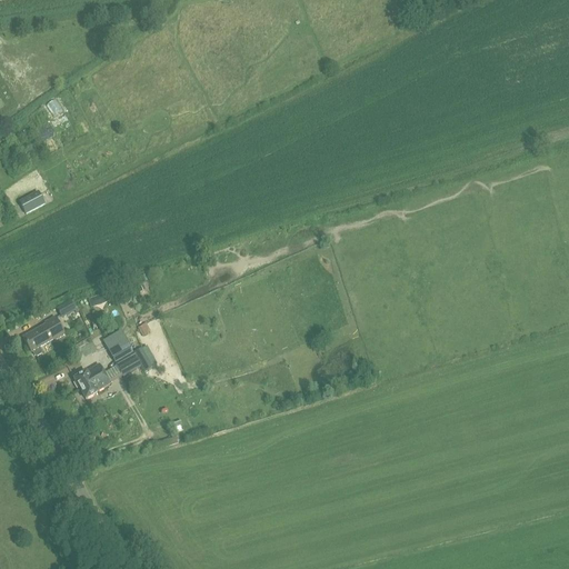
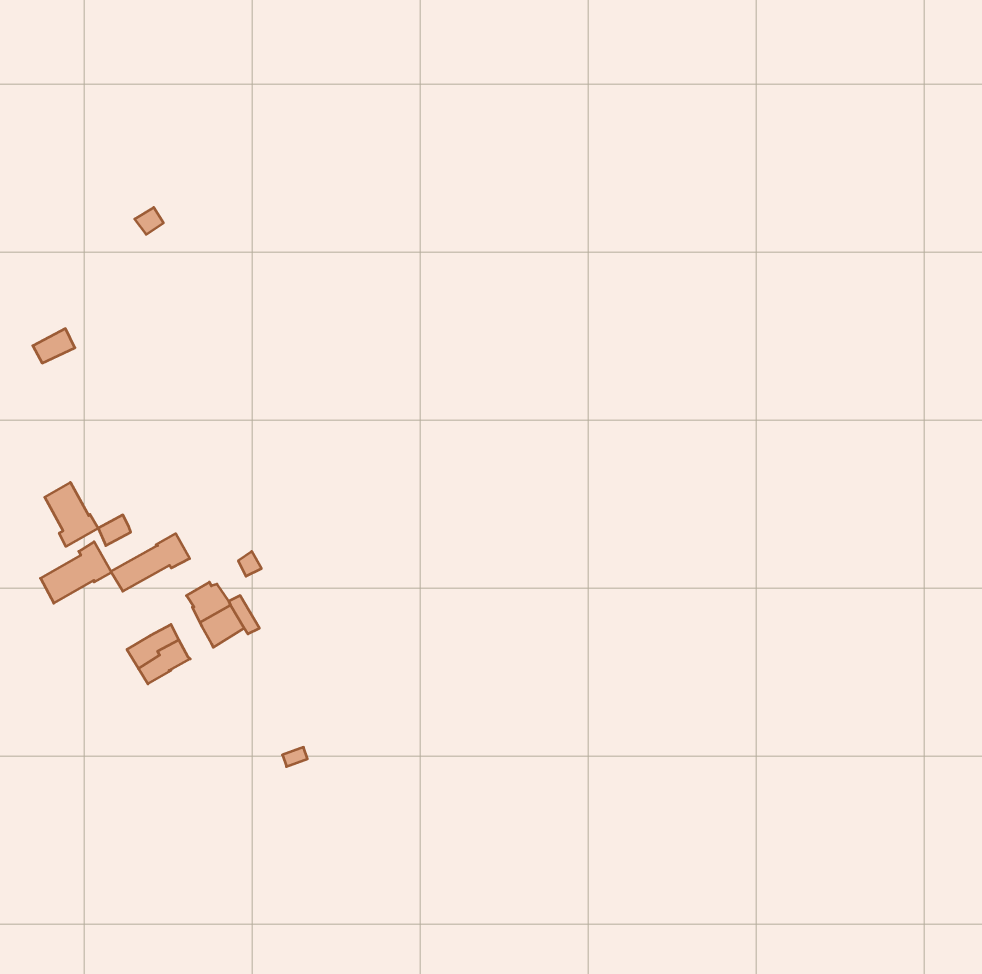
building: none -> [45,482,98,546]
building: none -> [111,534,190,591]

